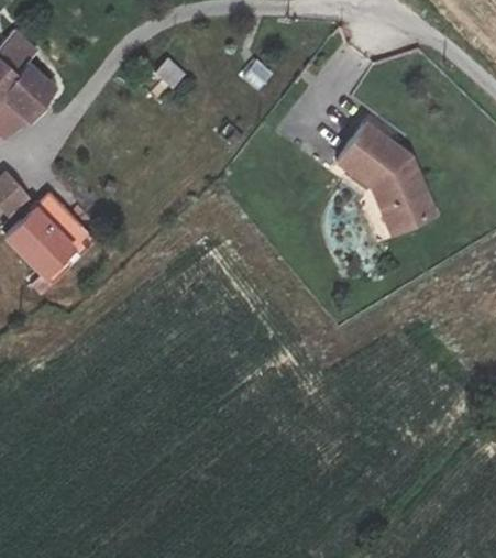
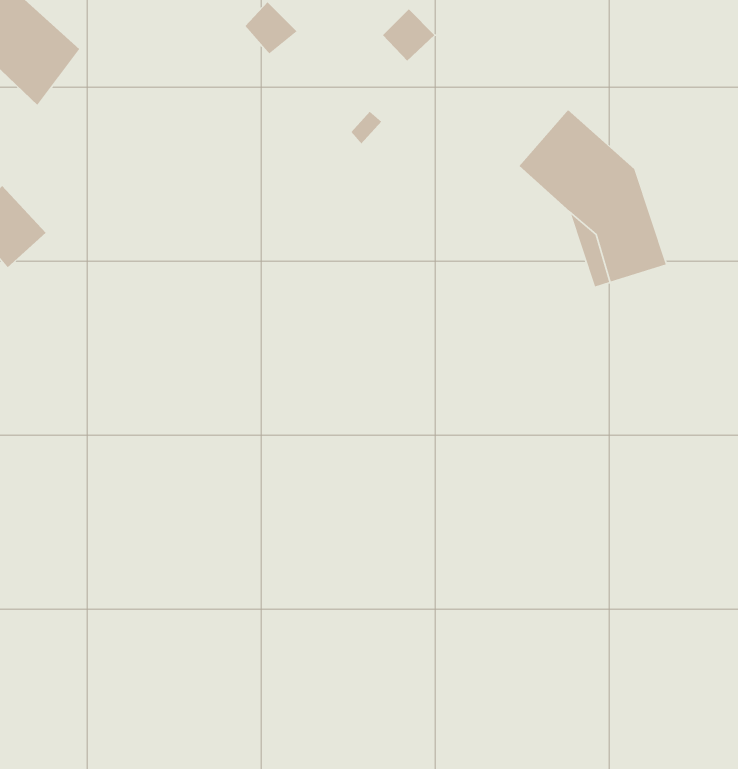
building: [11,195,95,278] -> none

